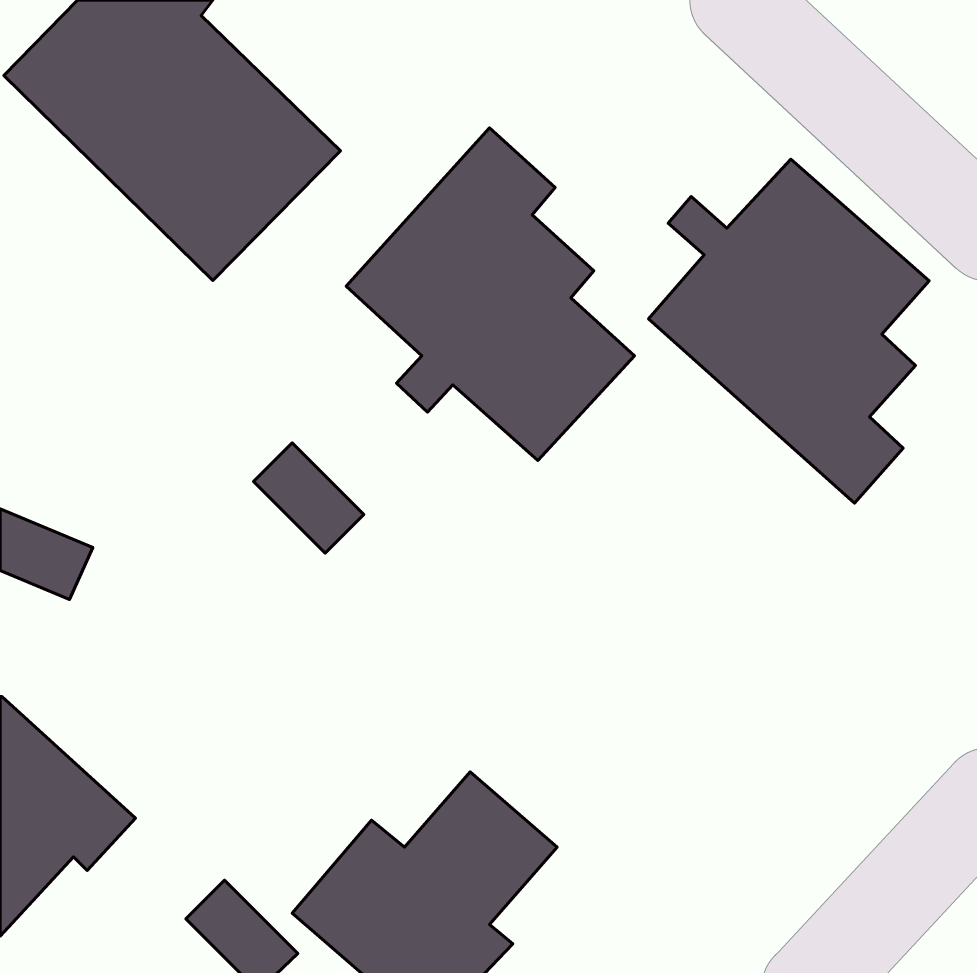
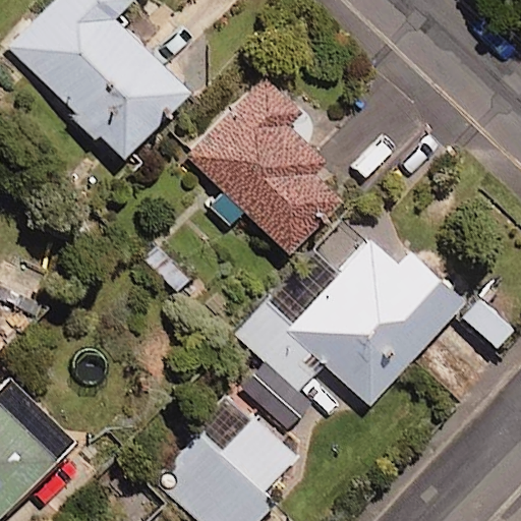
building: [648,159,929,503] -> none
building: none -> [239,240,463,404]

